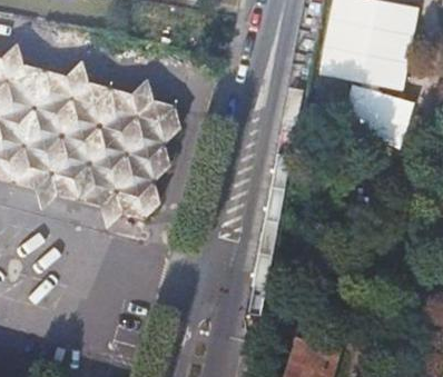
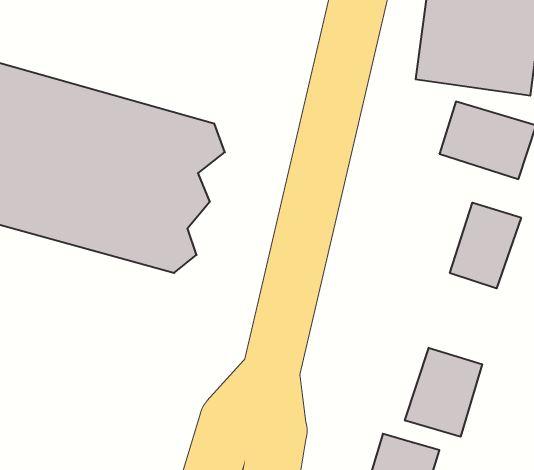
building: none -> [450,203,521,288]
building: none -> [405,348,482,437]

